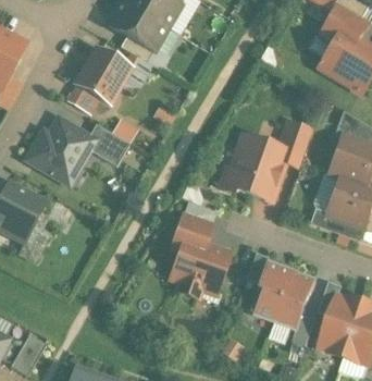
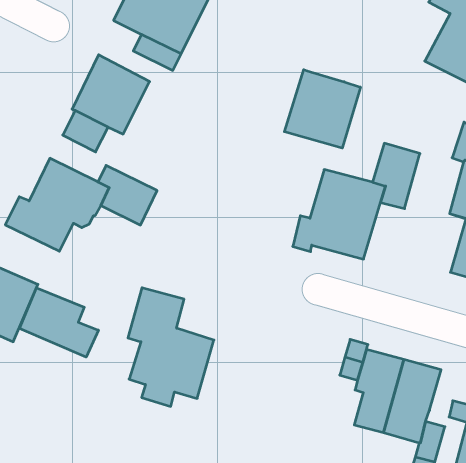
building: none -> [284,70,360,148]
building: none -> [19,288,98,357]
building: [170,216,230,298] -> [128,288,214,406]

